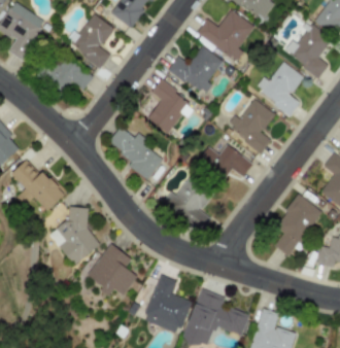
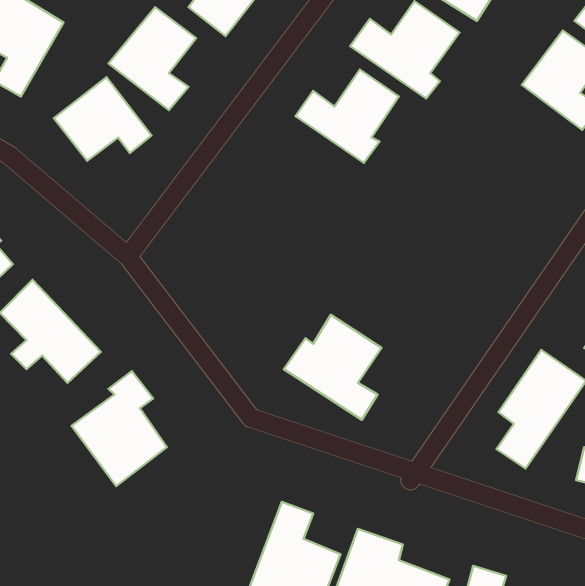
building: [254,61,304,114] -> none
building: [147,80,192,135] -> none
building: [228,98,275,152] -> none
building: [108,127,163,179] -> none
building: [199,144,252,178] -> none
building: [87,243,137,295] -> none

